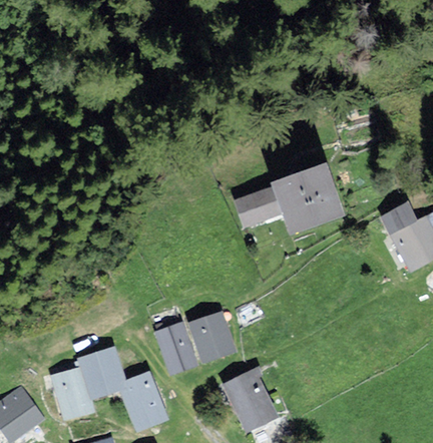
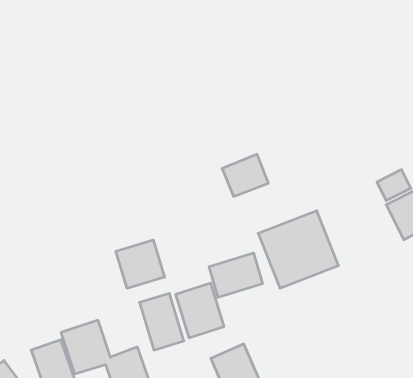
building: [270,158,348,234] -> [258,211,339,288]
building: none -> [116,240,165,288]
building: none -> [209,253,262,297]

